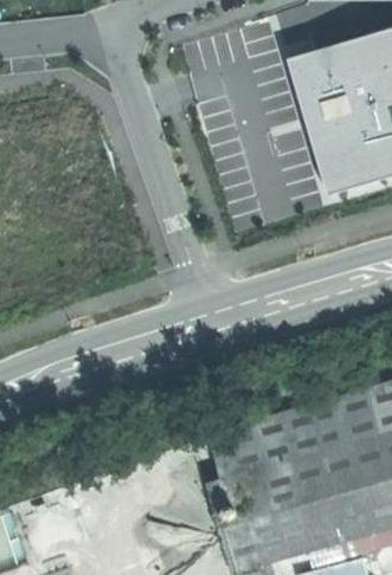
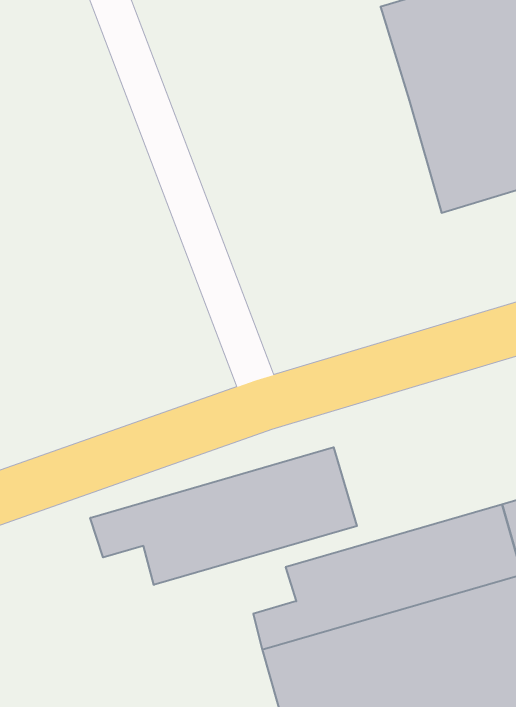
building: none -> [90,447,357,585]

